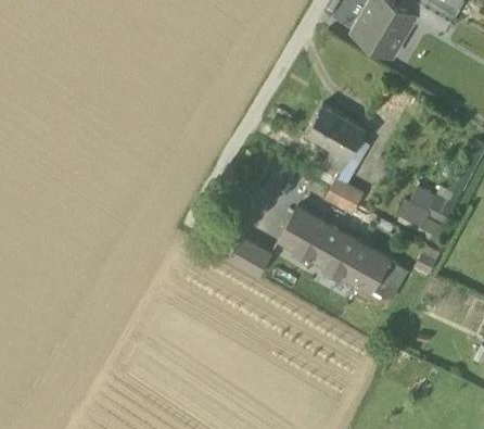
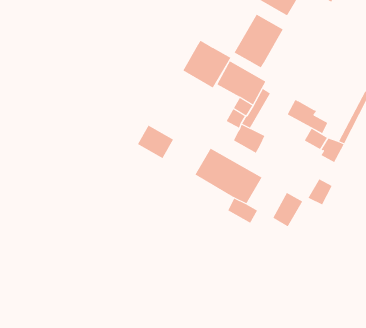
building: none -> [234,14,283,68]
building: none -> [182,40,231,88]
building: [395,199,444,239] -> [287,100,328,134]
building: [227,238,270,278] -> [137,125,174,159]
building: [341,243,389,292] -> none

